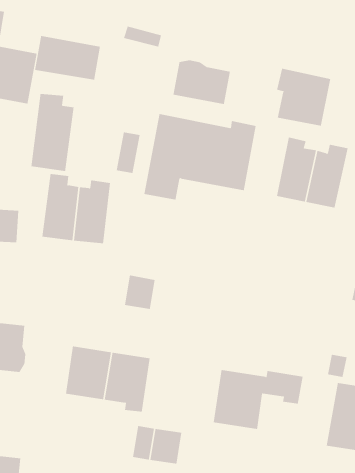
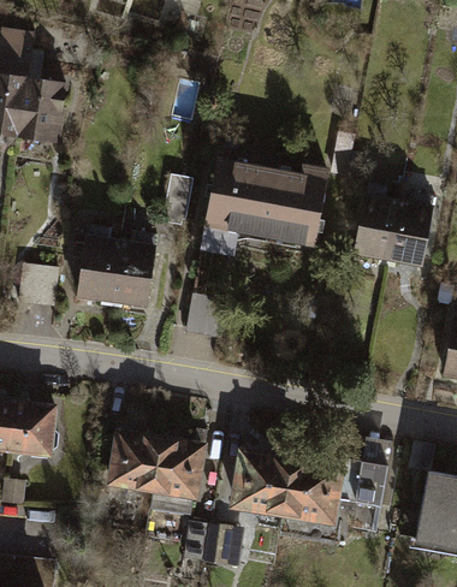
building: [34,35,100,81] -> none
building: [173,60,230,105] -> none
building: [276,68,331,127] -> none
building: [31,93,74,172] -> none
building: [124,275,156,309] -> [188,296,225,337]
building: none -> [226,447,289,520]

